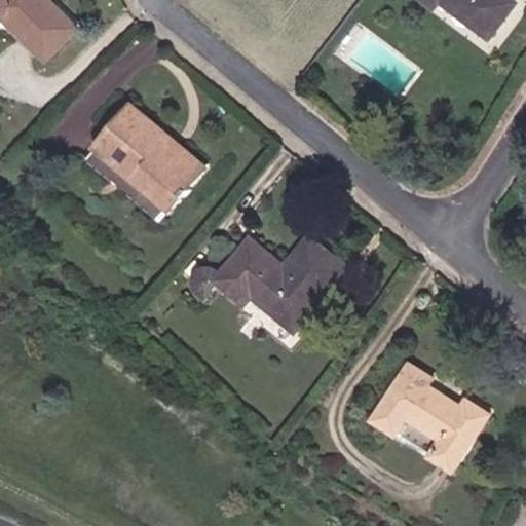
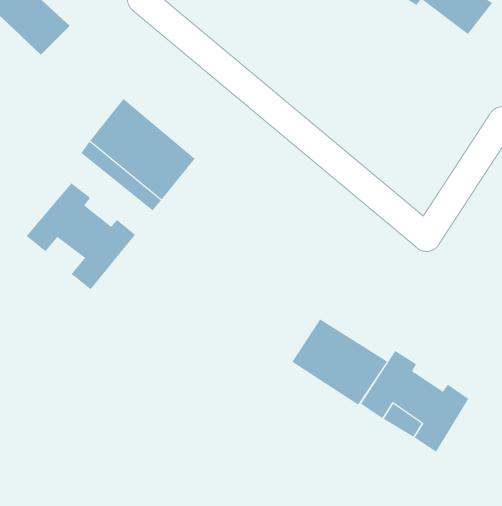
building: none -> [26,183,136,290]
building: [191,239,340,328] -> none
building: none -> [291,318,388,405]

